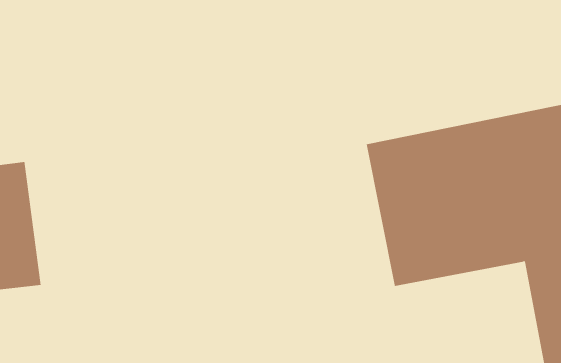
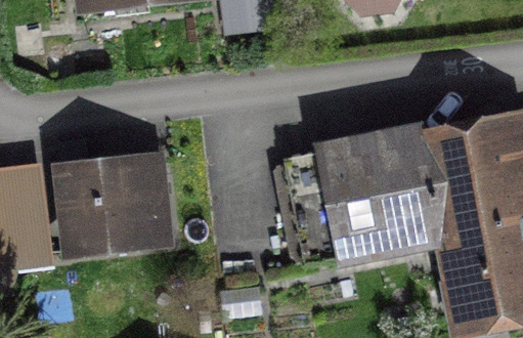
building: none -> [51,152,163,259]

